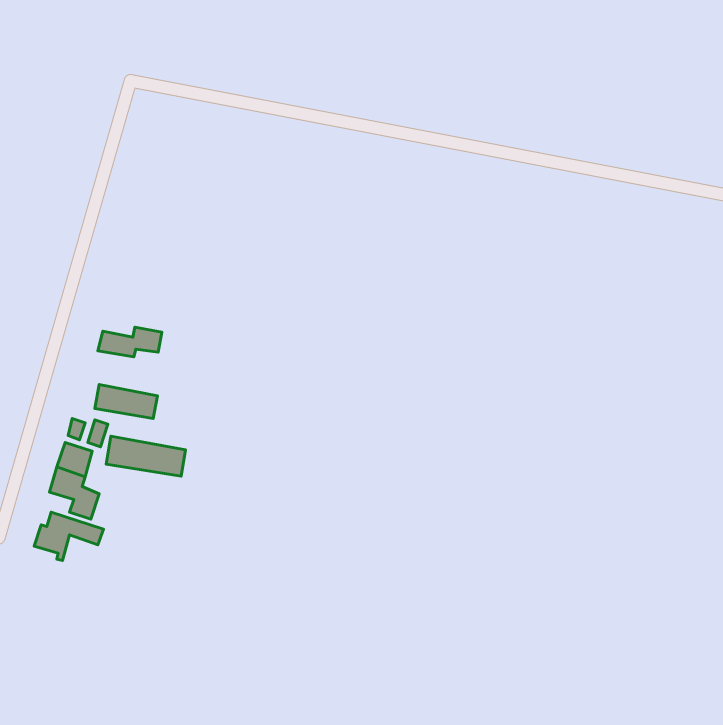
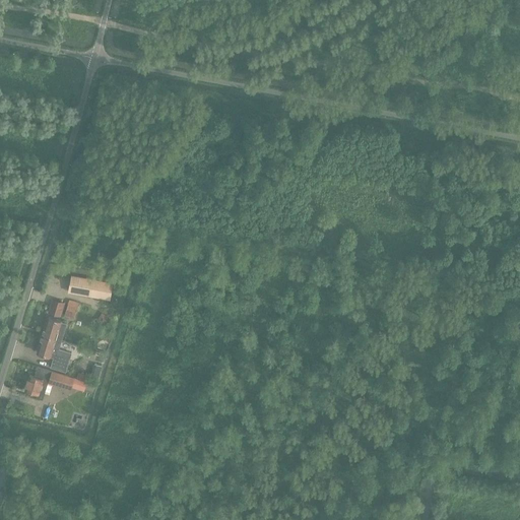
building: [98,327,162,357] -> none
building: [106,436,185,476] -> none

